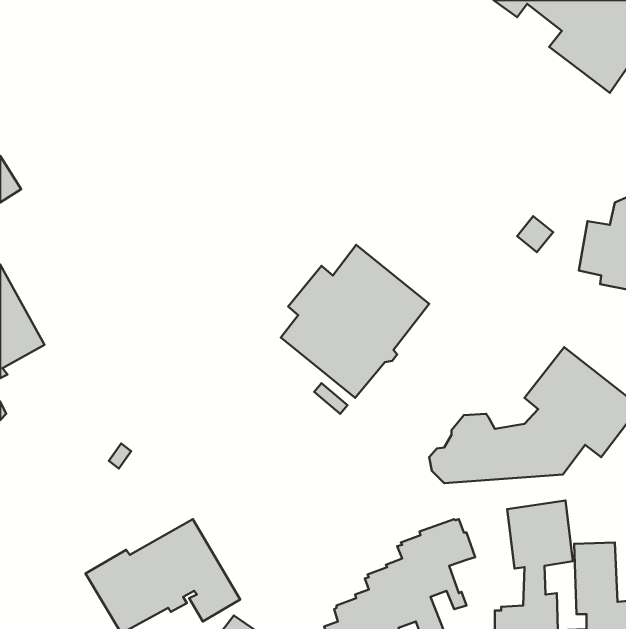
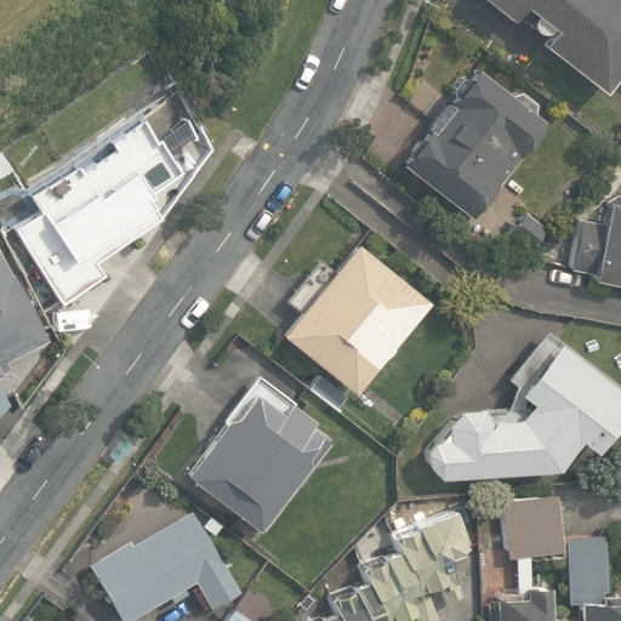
building: none -> [403,69,543,217]
building: none -> [18,96,203,303]
building: none -> [187,377,335,531]

